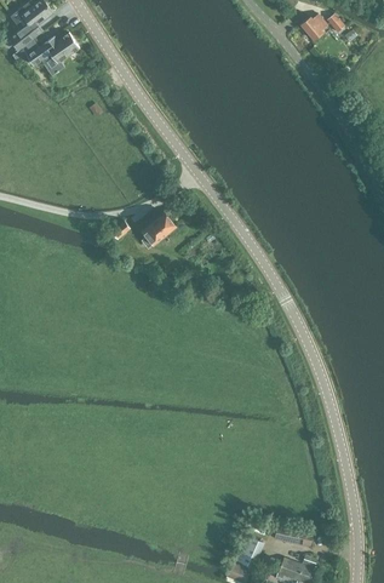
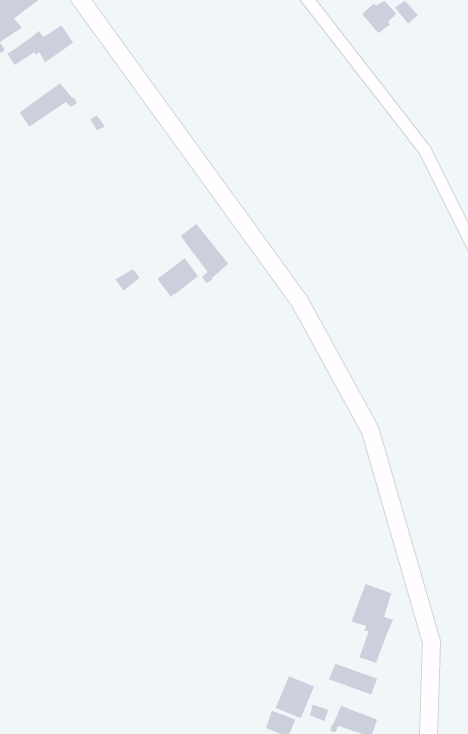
building: none -> [19,82,78,128]
building: none -> [180,223,229,284]
building: none -> [350,582,395,664]

